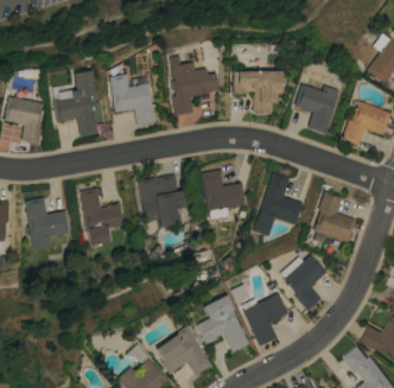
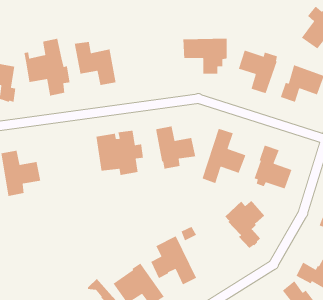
building: [167,56,222,115] -> none
building: [80,187,126,246] -> none
building: [241,292,287,345] -> none

